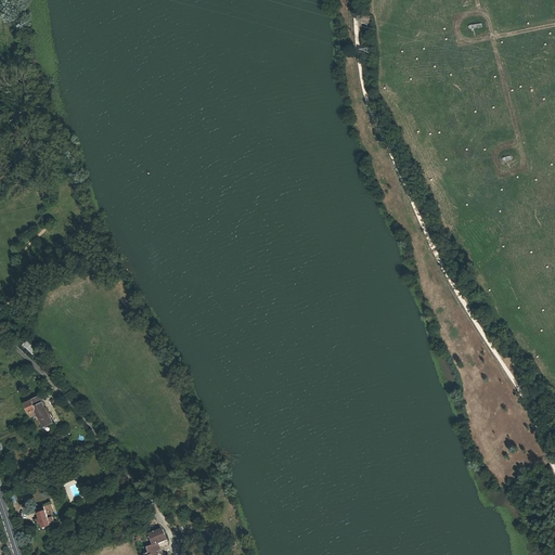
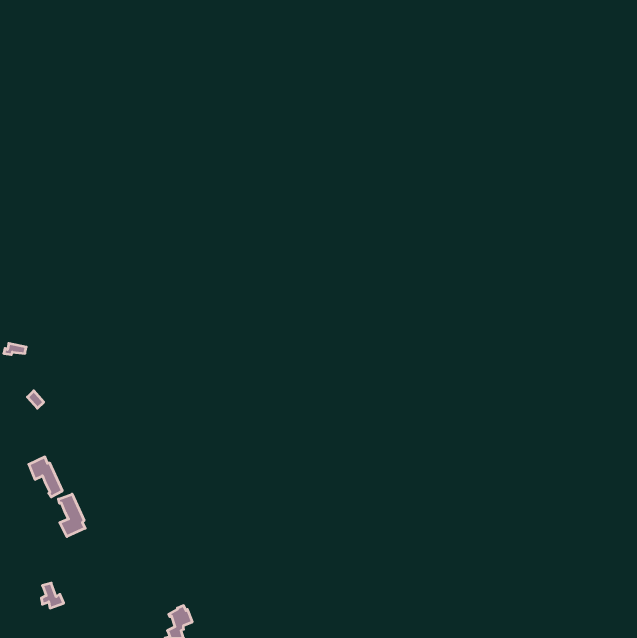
building: none -> [58,494,85,537]

